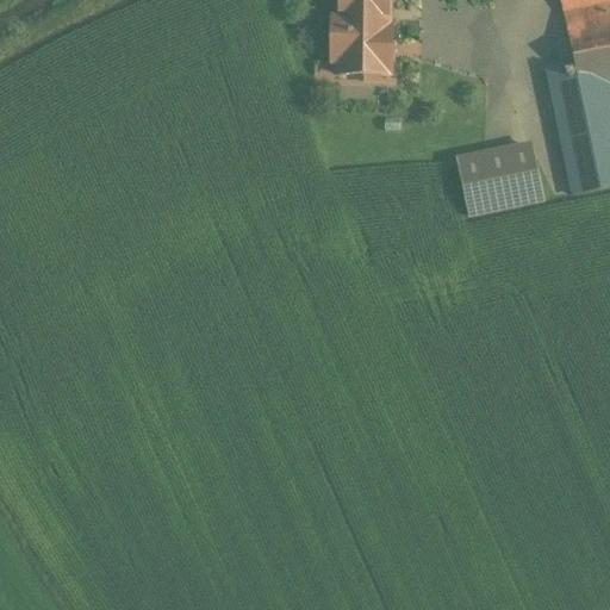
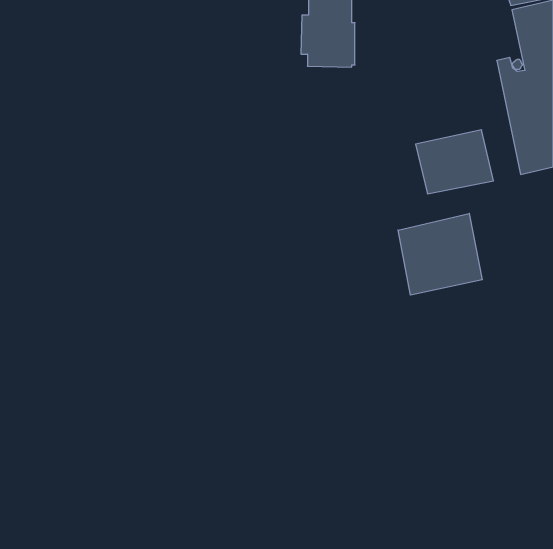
building: none -> [398,213,482,295]

